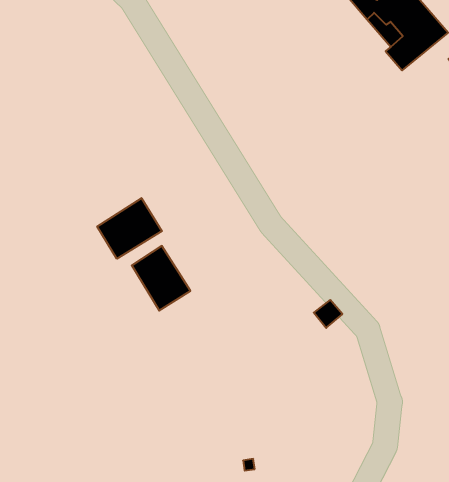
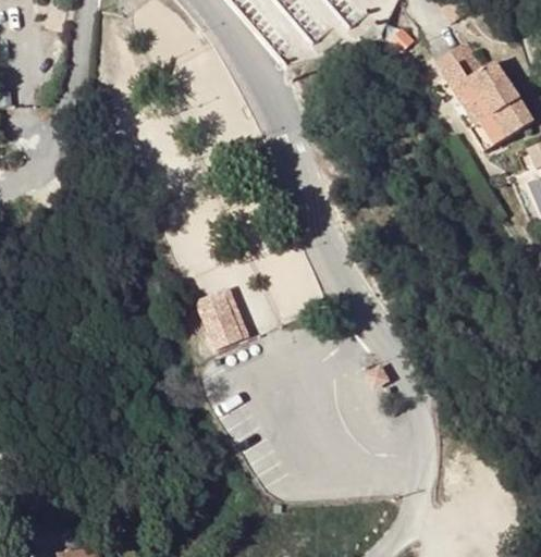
building: [97,198,162,259] -> none

